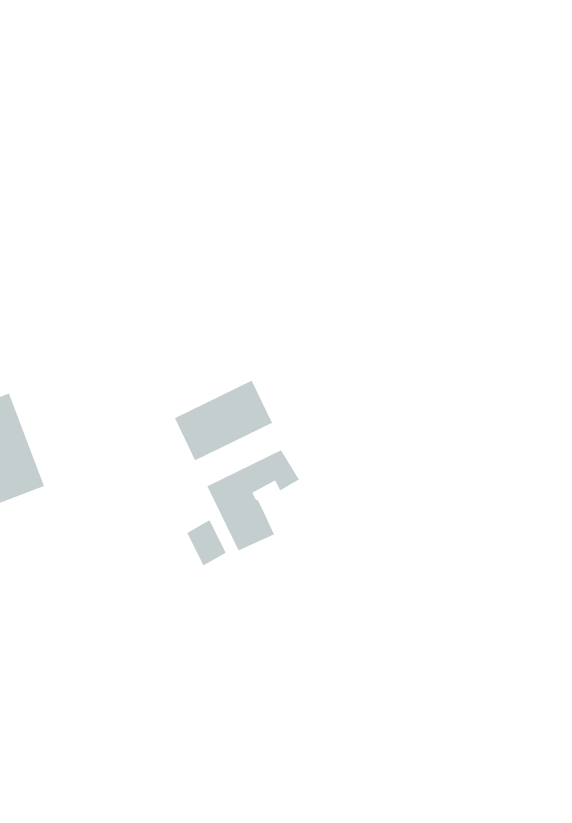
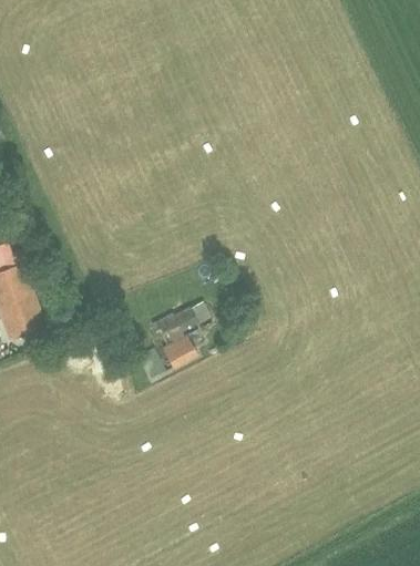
building: [174,380,273,461] -> none

